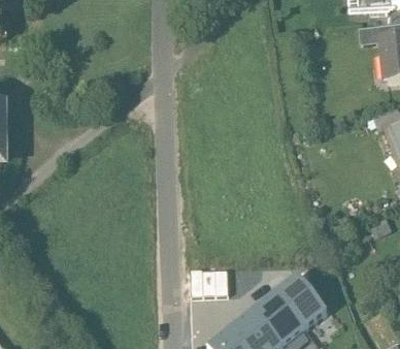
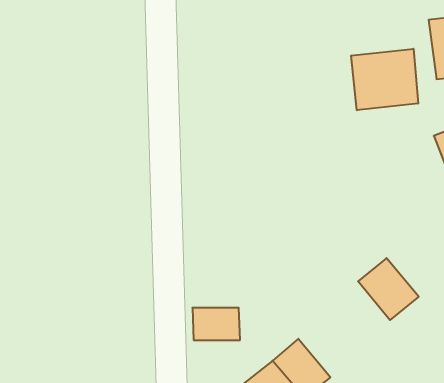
building: none -> [351,49,418,110]
building: [274,269,323,319] -> [358,258,419,320]

